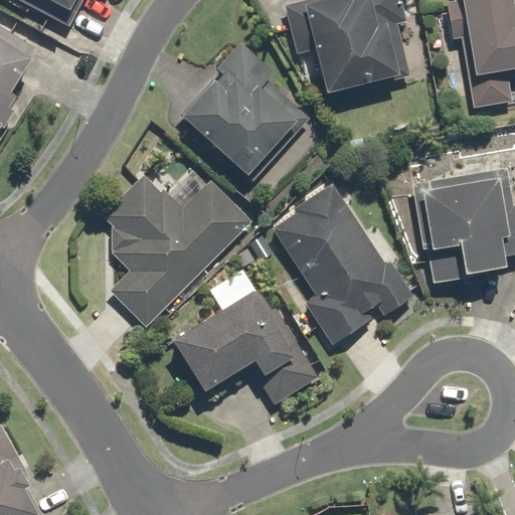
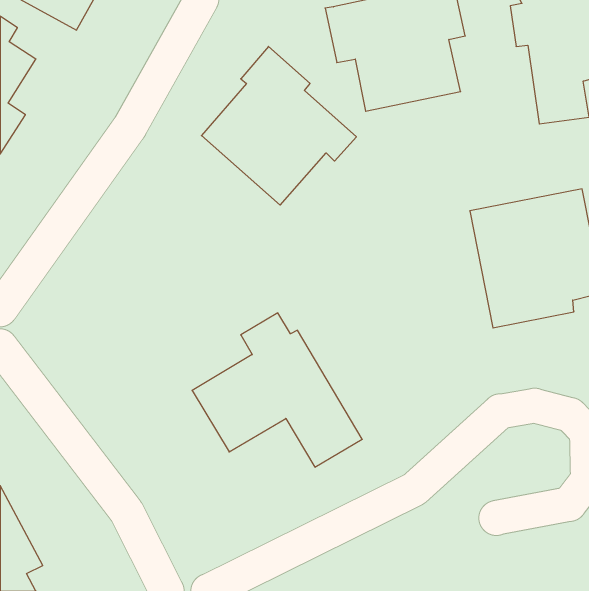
building: [105,166,252,326] -> none
building: [270,183,413,347] -> none

